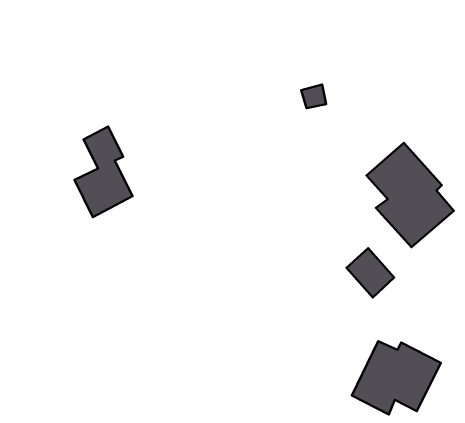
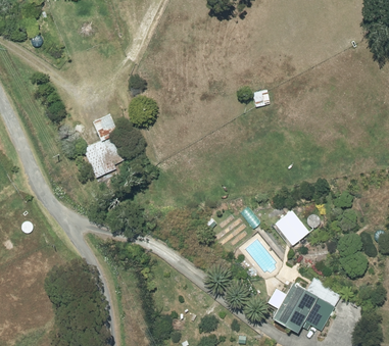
building: [366,143,454,247] -> none

